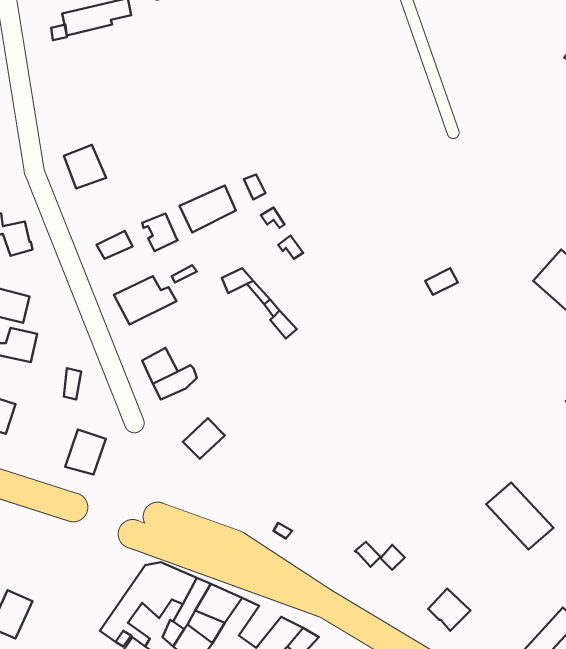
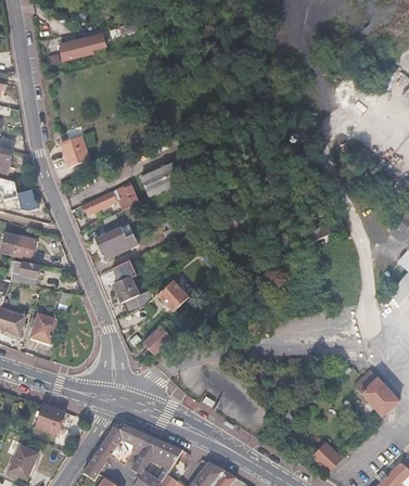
building: none -> [155,279,188,311]
building: [65,429,106,475] -> [29,312,57,344]
building: none -> [35,404,63,434]

